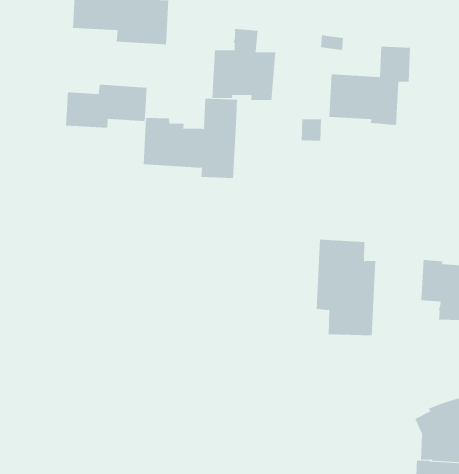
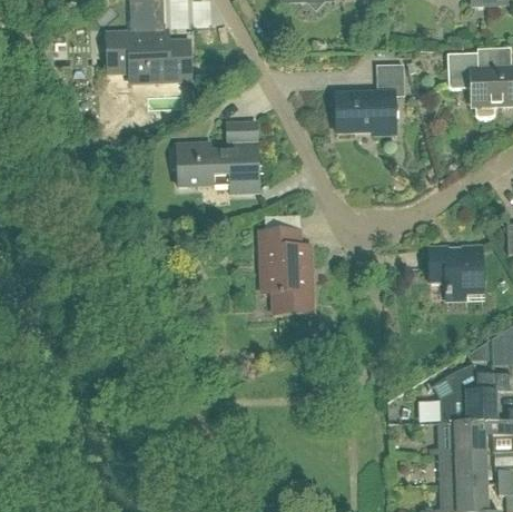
building: [212,28,276,101] -> none
building: [66,84,147,128] -> none
building: [316,239,376,336] -> [259,229,313,313]

